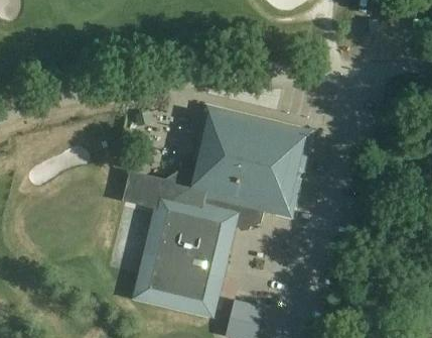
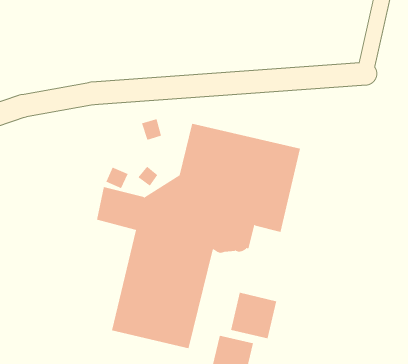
building: none -> [230,292,277,339]

